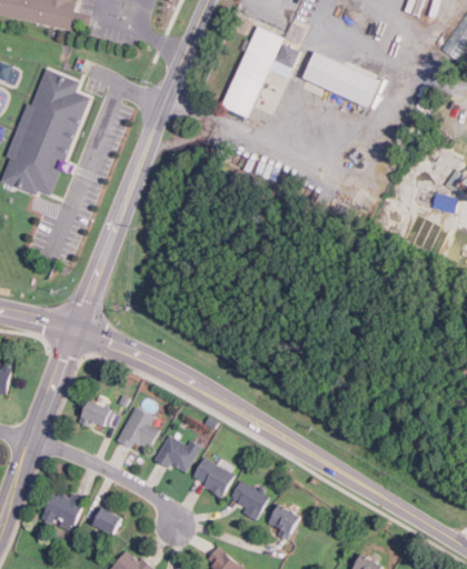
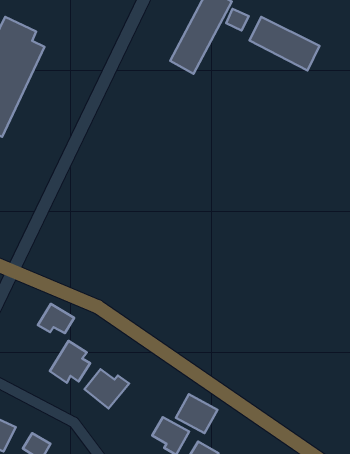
building: [77,398,115,428] -> [38,304,74,333]
building: [190,456,234,496] -> [176,394,218,433]

